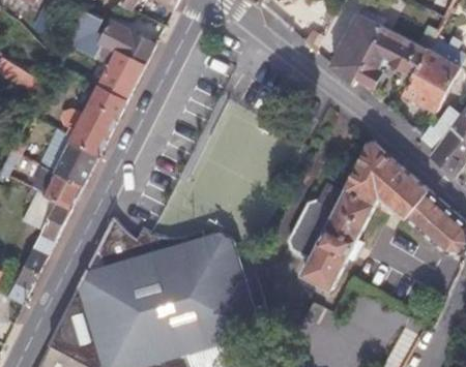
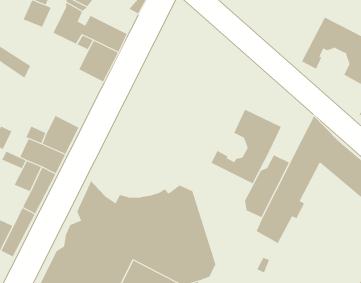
building: [330,13,382,87] -> none
building: [63,88,126,155] -> none
building: none -> [211,109,282,184]

